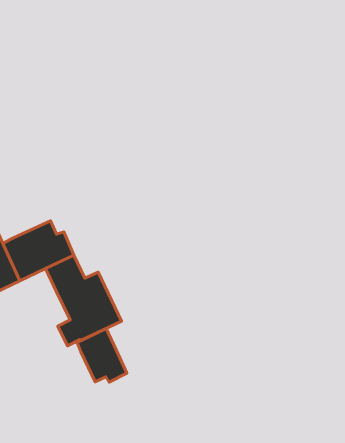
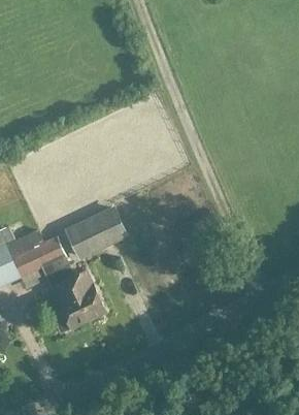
building: none -> [68,209,127,257]
building: [77,328,127,382] -> none

